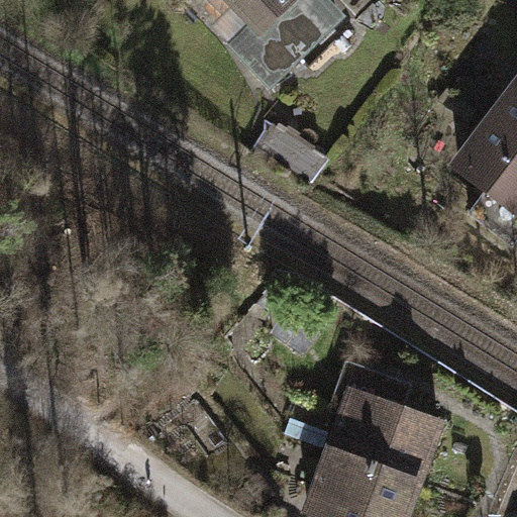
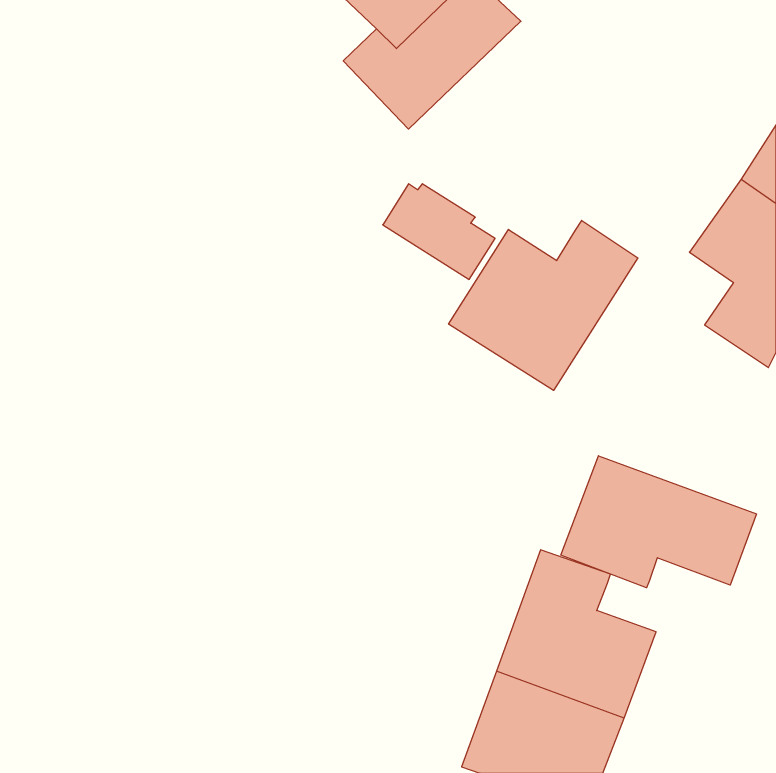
building: none -> [449,220,638,390]
building: none -> [561,456,757,588]

